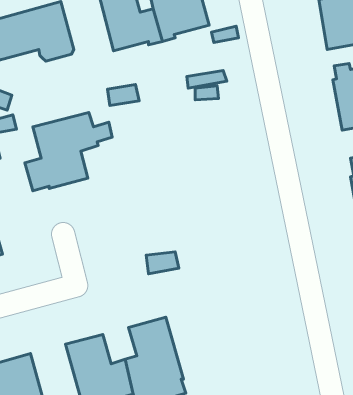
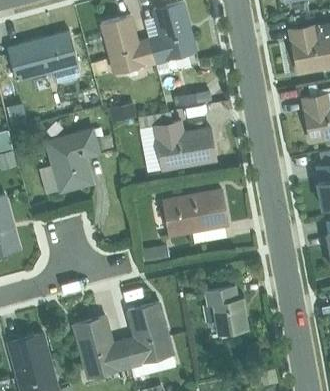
building: none -> [138,112,216,173]
building: none -> [160,189,228,235]
building: none -> [204,285,247,339]

